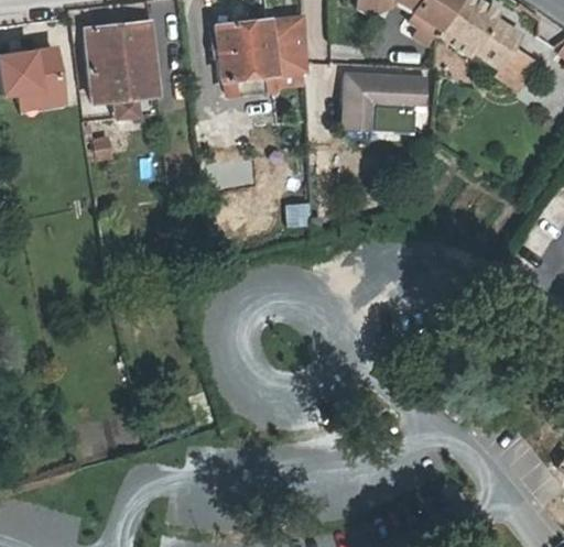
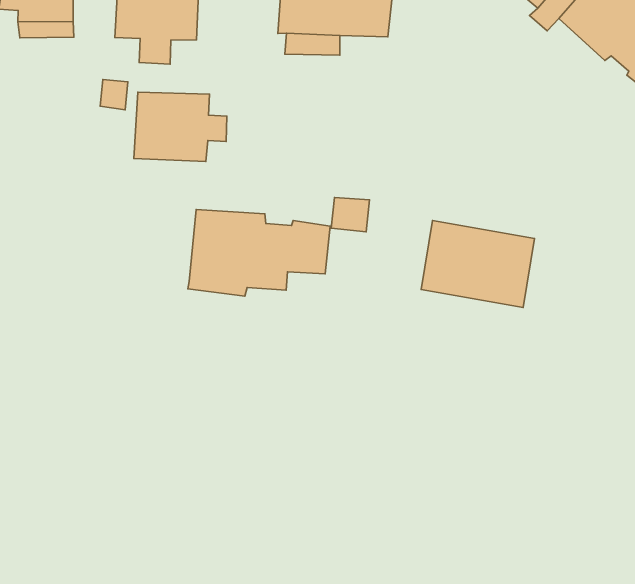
building: [344,79,426,136] -> [421,220,535,307]
building: none -> [134,92,227,161]
building: none -> [188,209,330,296]

